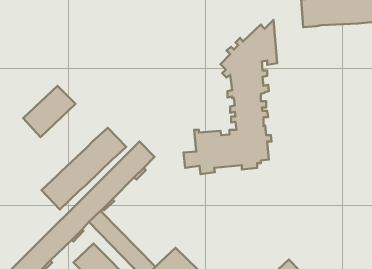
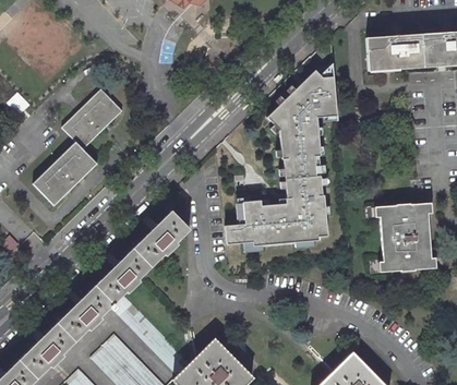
building: none -> [59,88,121,151]
building: [41,128,126,210] -> none
building: none -> [380,203,432,273]

